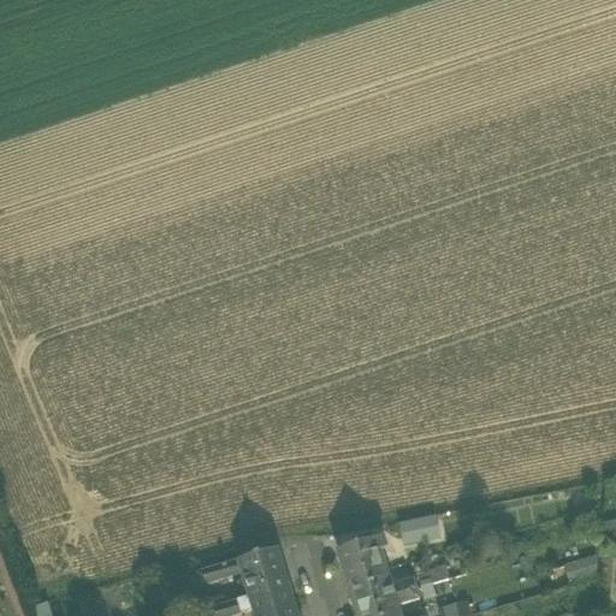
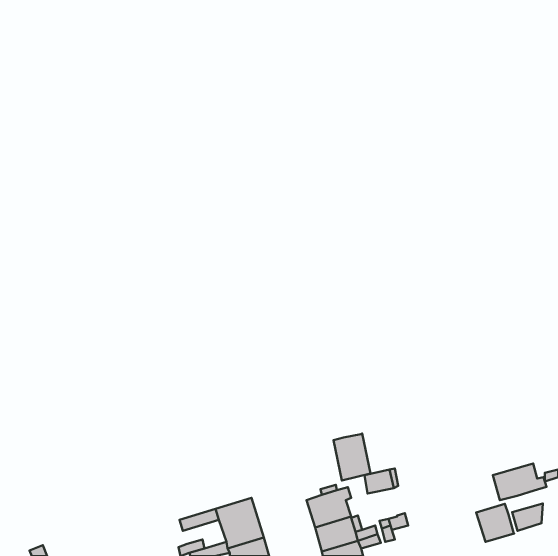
building: none -> [333,433,370,480]
building: none -> [493,463,546,500]
building: none -> [476,504,514,542]

